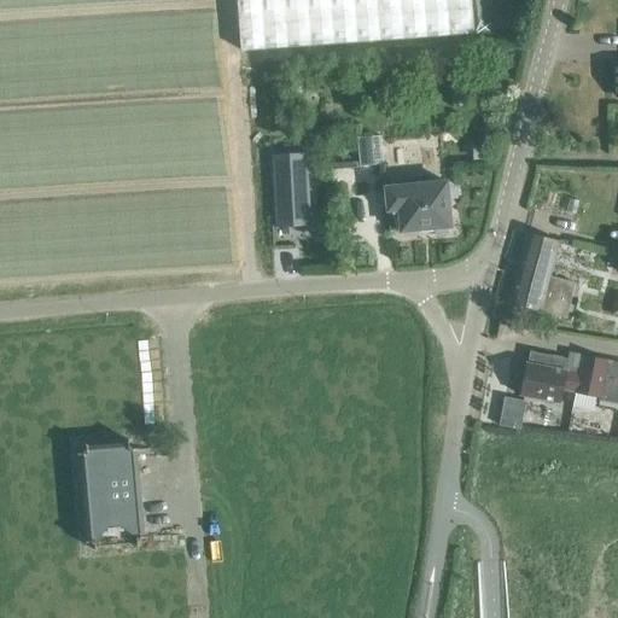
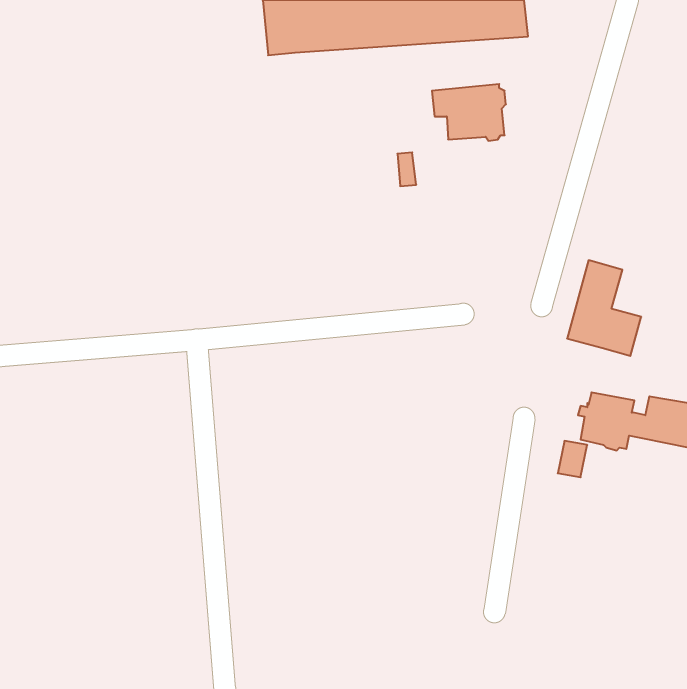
building: [272,153,310,228] -> none
building: [386,181,453,232] -> [432,84,506,141]
building: [78,439,147,550] -> none

